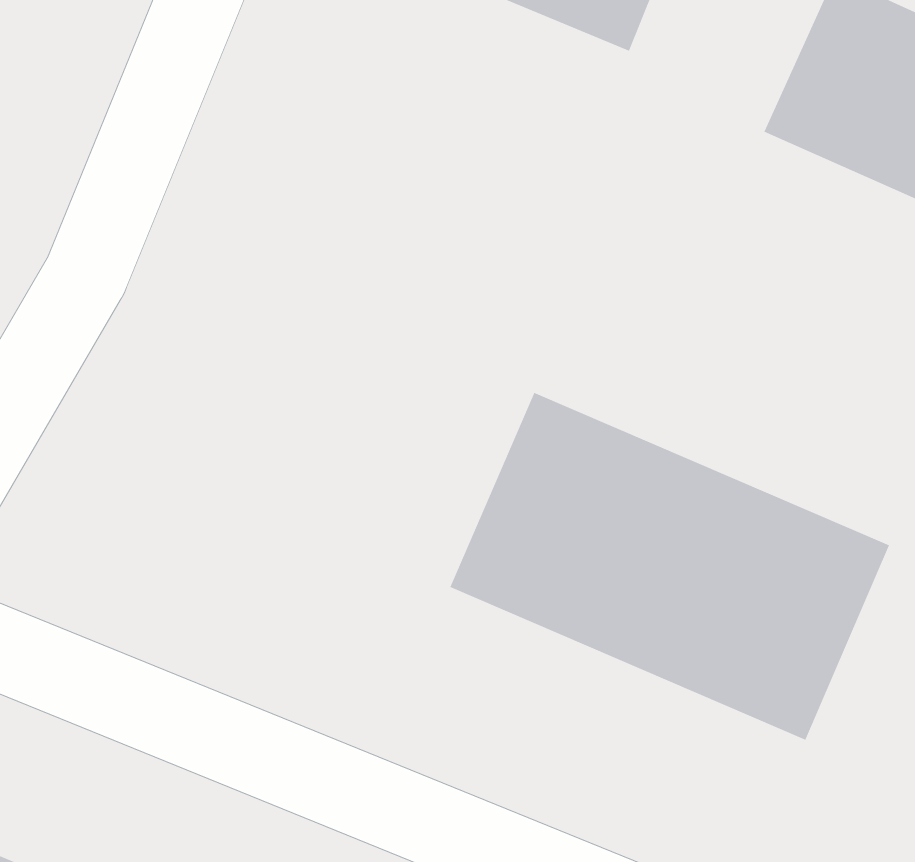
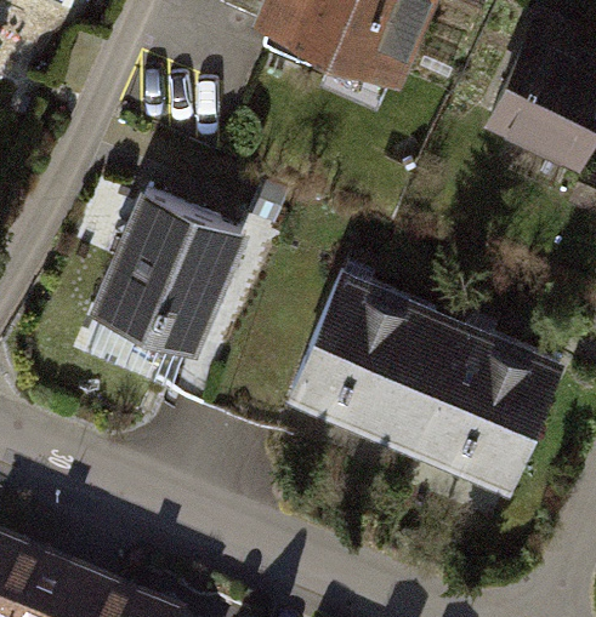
building: none -> [85,193,251,364]

